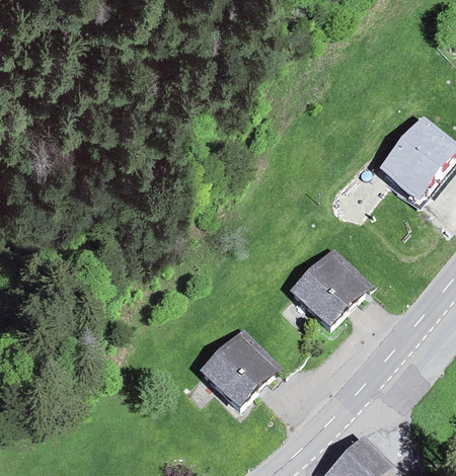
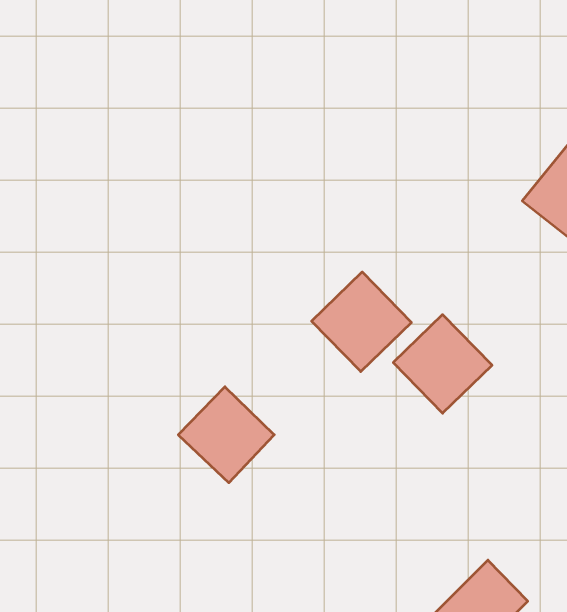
building: none -> [312,272,411,372]
building: [203,336,274,407] -> [178,387,274,483]

